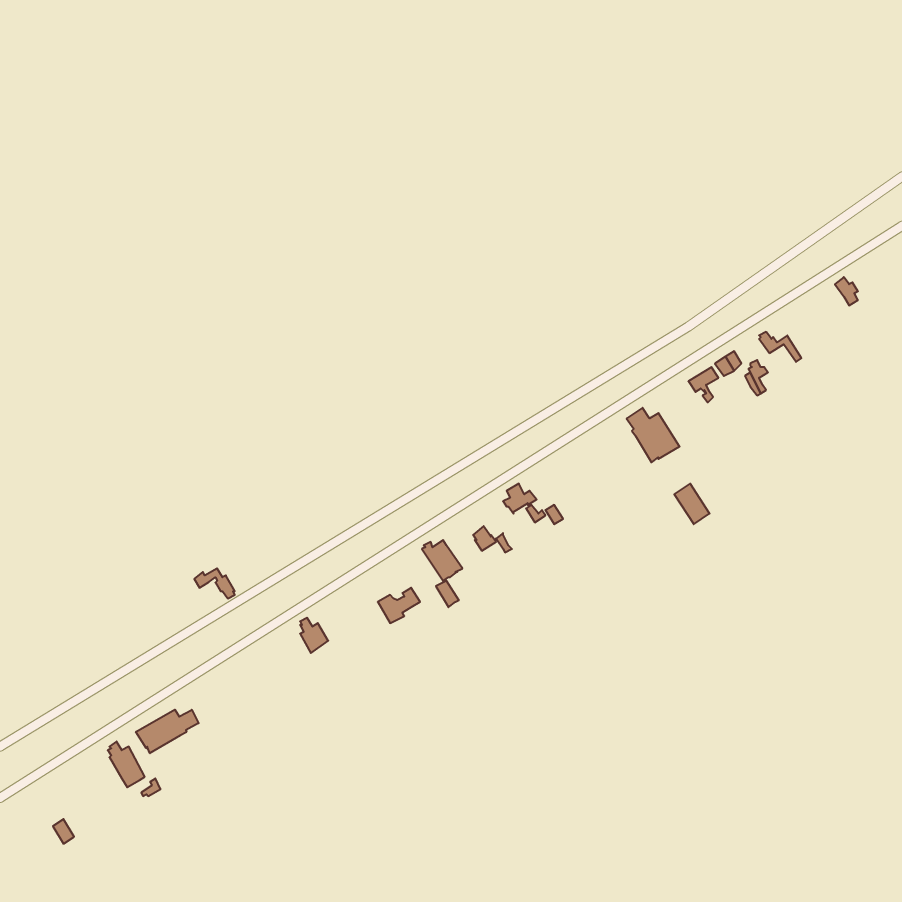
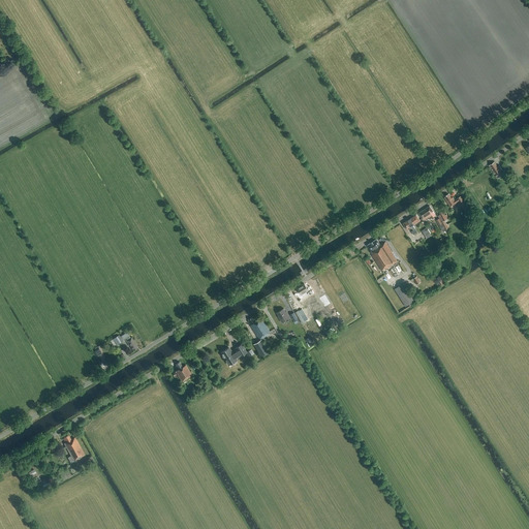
building: [136,710,199,753] -> none

